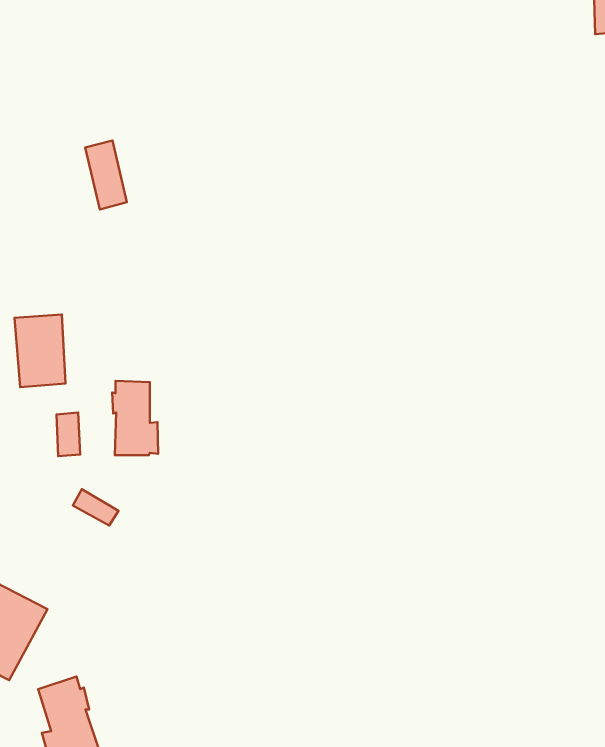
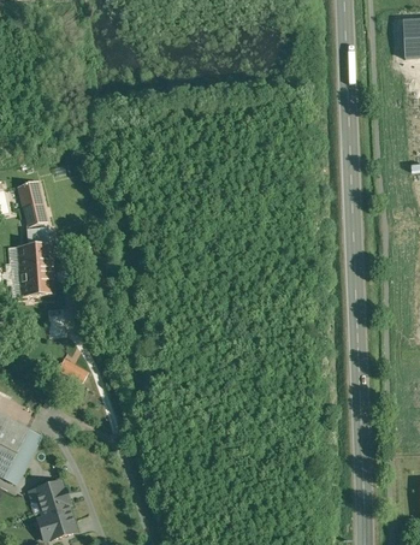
building: [85,140,127,210] -> [18,180,46,226]
building: [112,381,158,455] -> none

